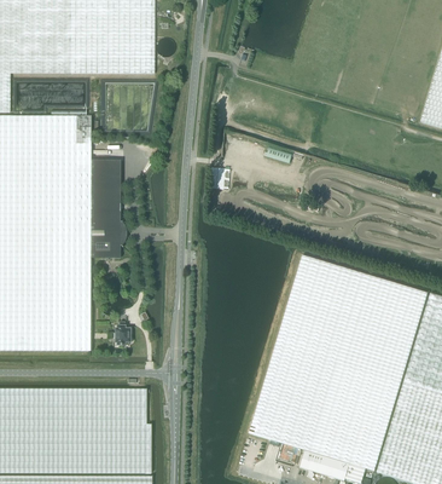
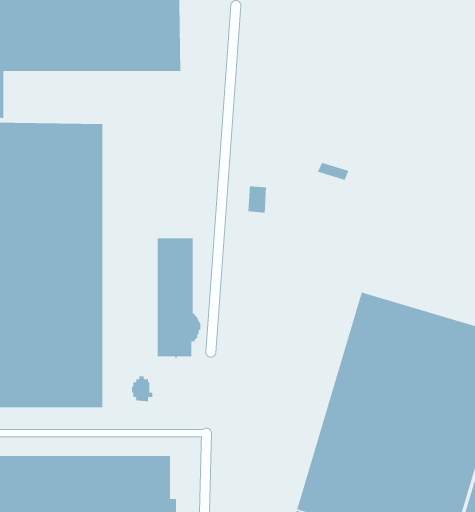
building: [91,160,127,259] -> [157,238,201,358]

